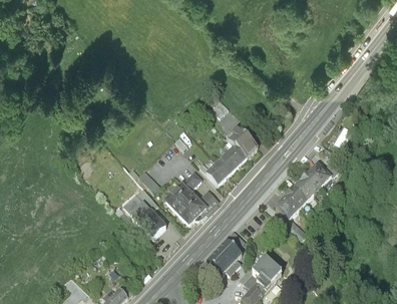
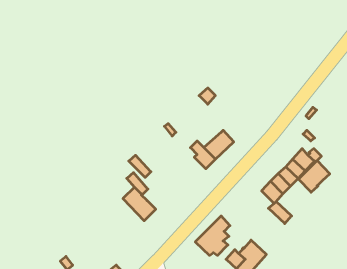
building: [228,126,257,156] -> none
building: [164,172,217,224] -> none
building: none -> [298,161,330,192]

